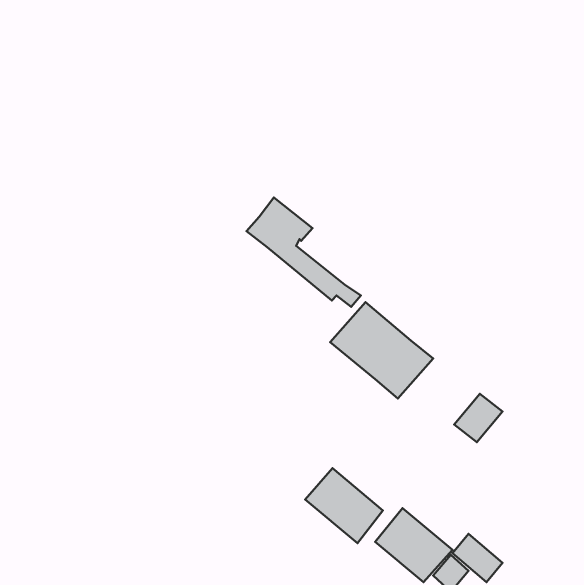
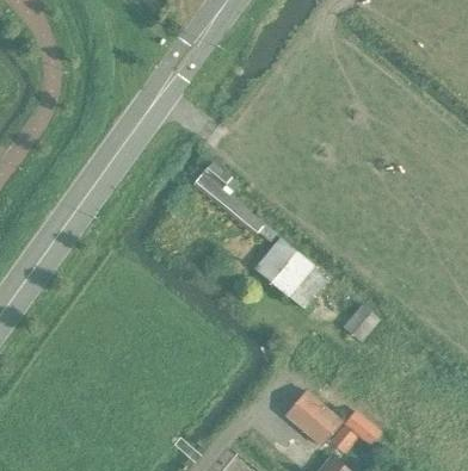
building: [305,468,383,543] -> none

